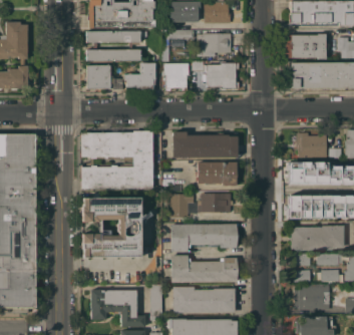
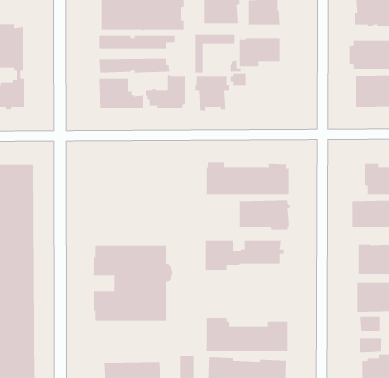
building: [207,63,240,90] -> none
building: [82,130,153,189] -> none
building: [170,224,237,252] -> none

